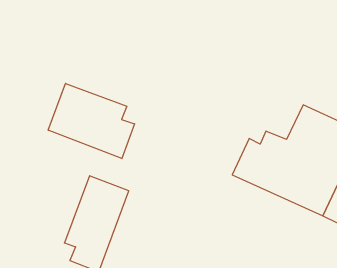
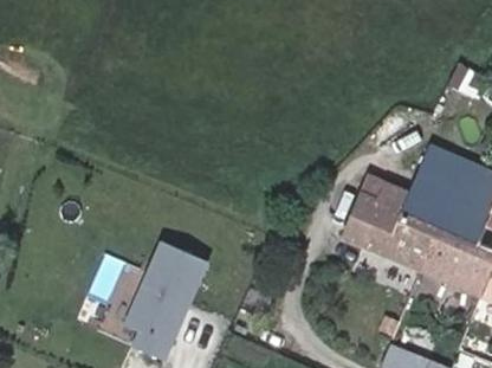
building: [48,83,135,159] -> none

